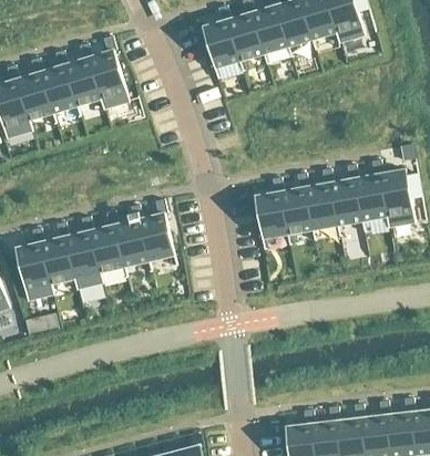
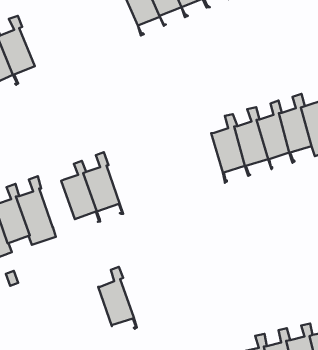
building: [88,37,129,110] -> none
building: [254,178,287,250] -> none
building: [90,211,126,279] -> [98,267,137,329]

